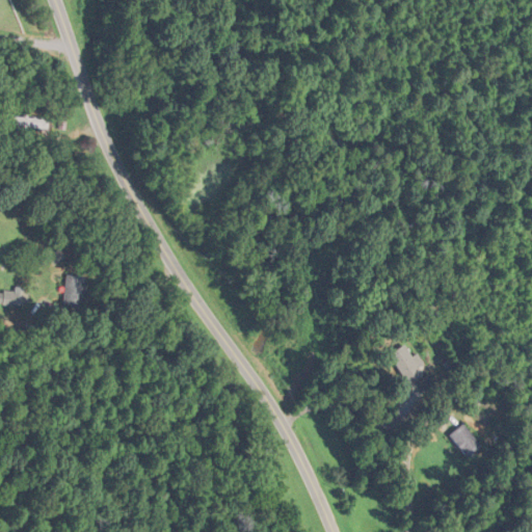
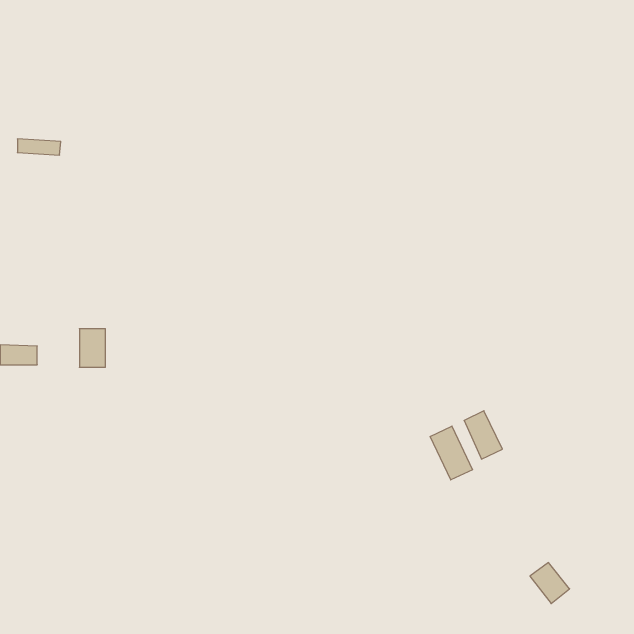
building: none -> [430,426,473,480]
building: [447,423,480,457] -> [530,563,570,604]

